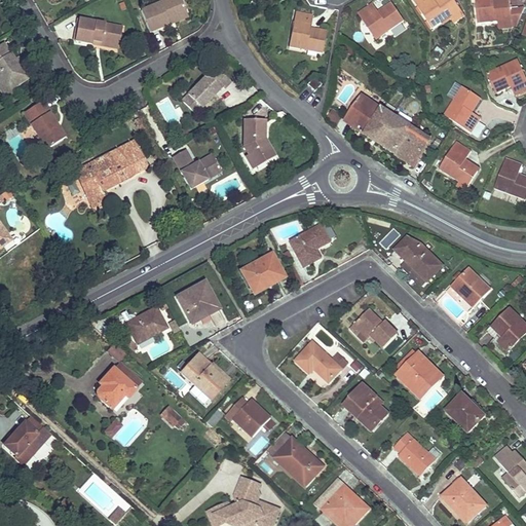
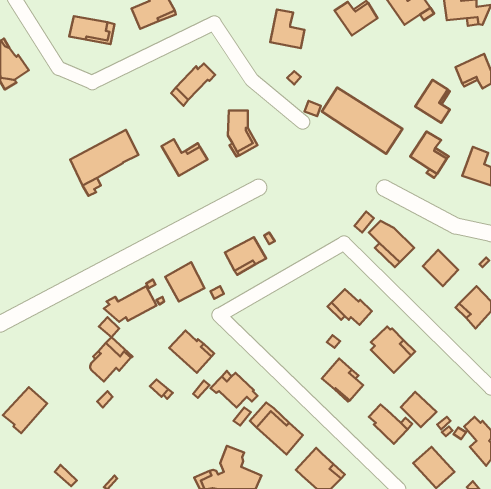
building: [23,99,65,147] -> none
building: [291,225,330,266] -> none
building: [296,341,347,381] -> none
building: [447,393,485,431] -> [401,392,436,427]

